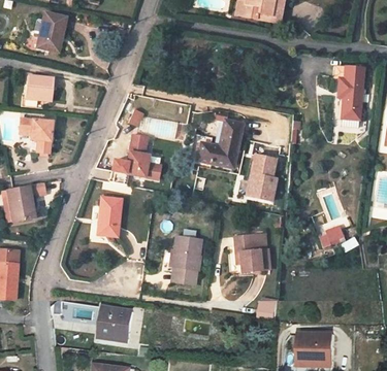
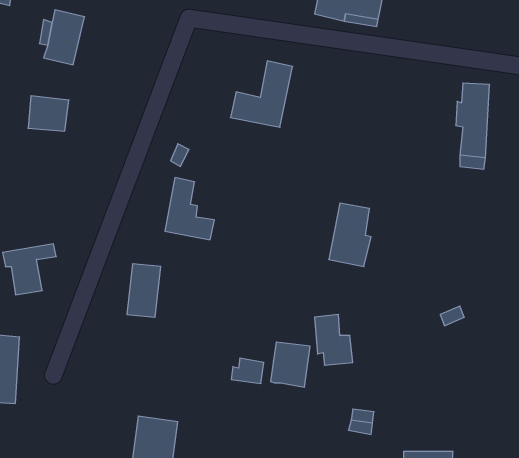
building: [18,117,53,153] -> none
building: [197,120,243,168] -> [230,61,293,127]
building: [172,236,201,269] -> [271,342,310,387]

